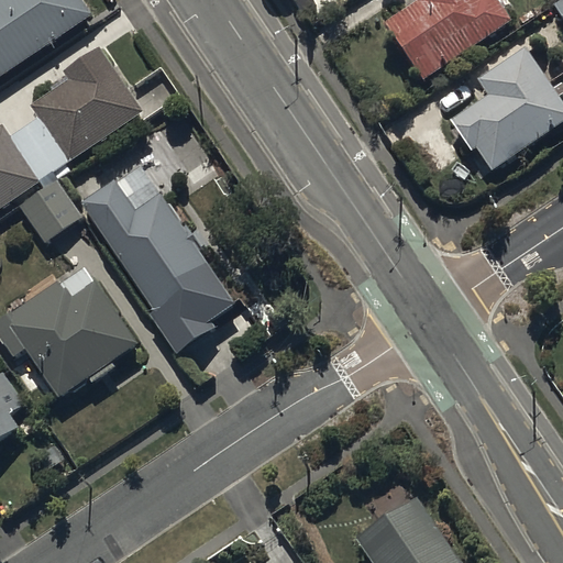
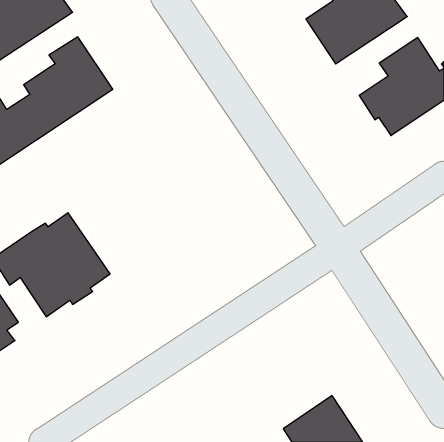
building: [82,143,216,355] -> none
building: [18,172,81,242] -> none

